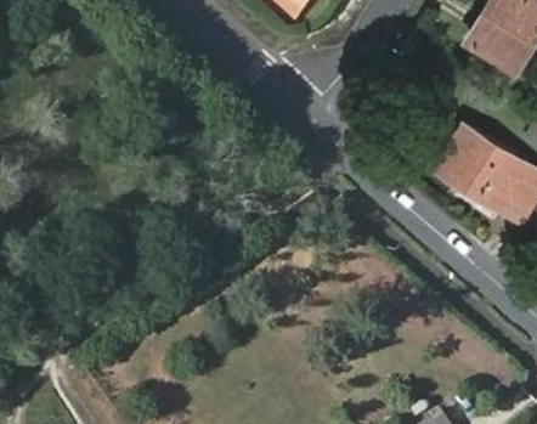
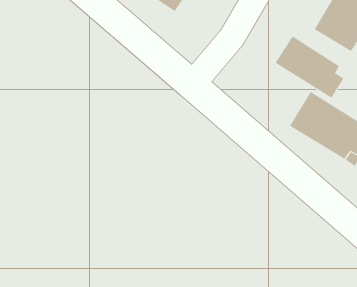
building: none -> [275,36,344,98]

